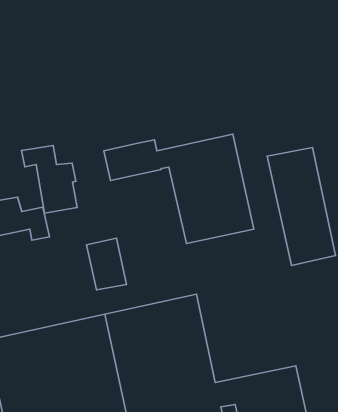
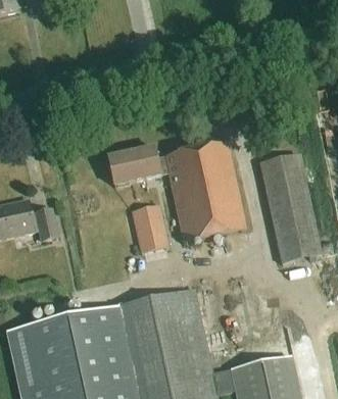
building: [22,145,77,213] -> none
building: [87,238,126,290] -> [132,202,168,250]

